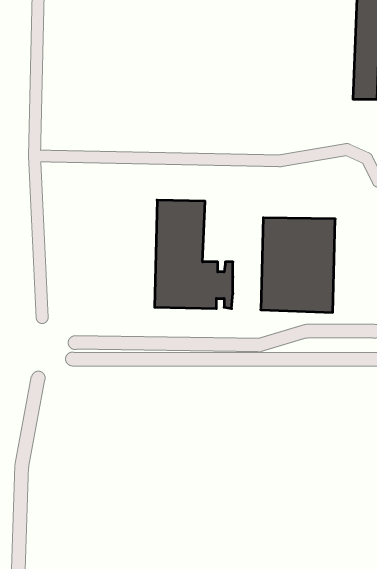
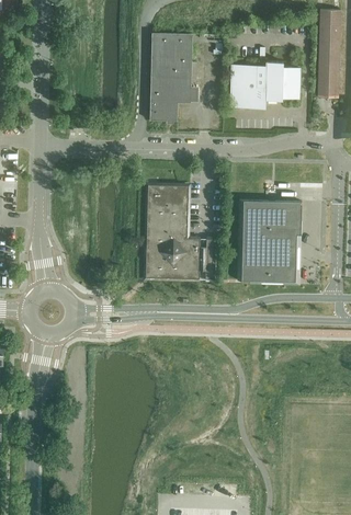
building: none -> [150,33,224,121]
building: none -> [230,61,301,107]

